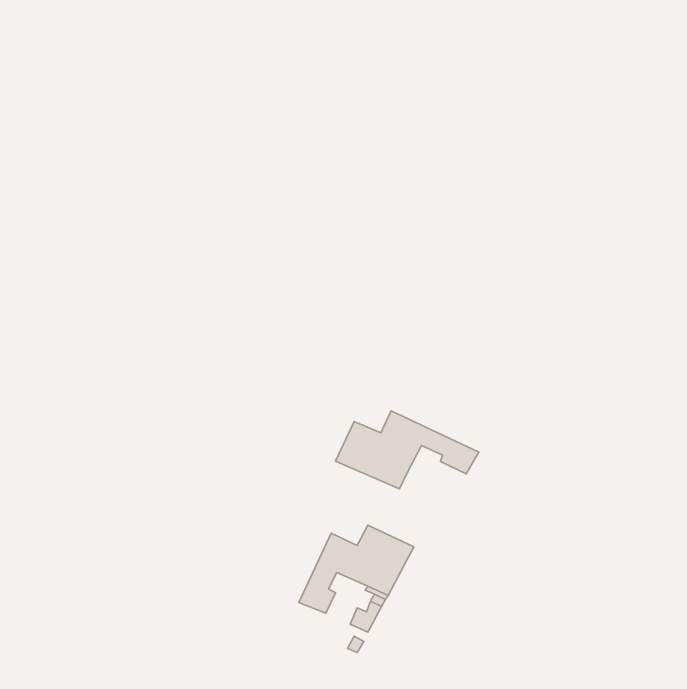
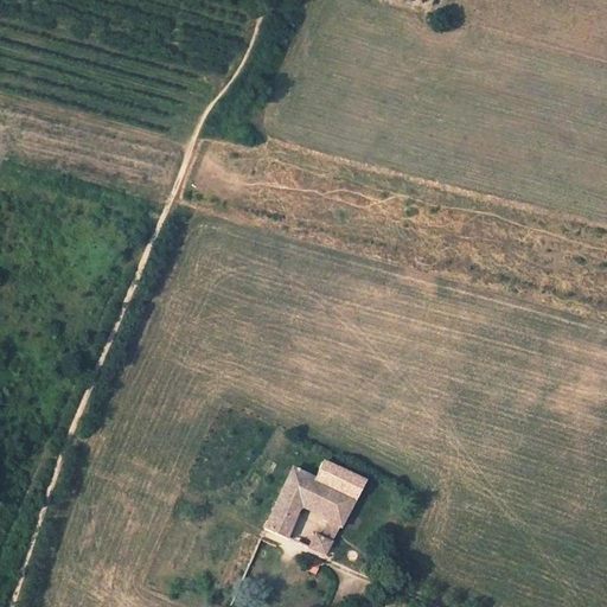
building: [335,411,479,489] -> none

